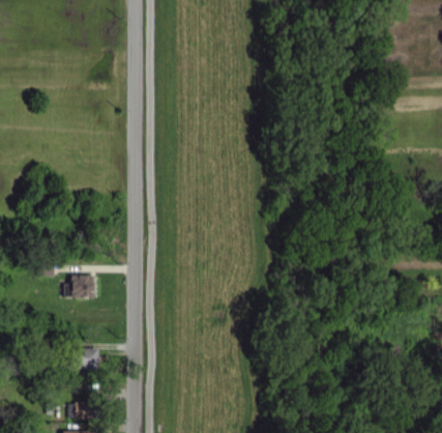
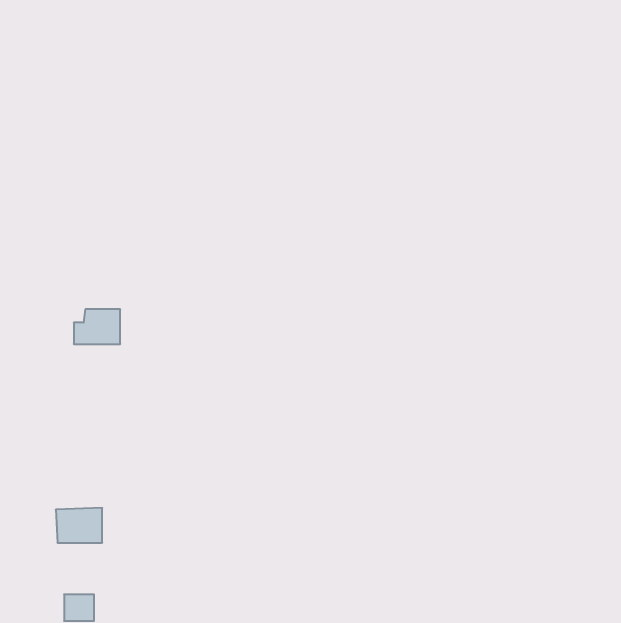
building: [64,276,93,297] -> [74,309,120,344]

